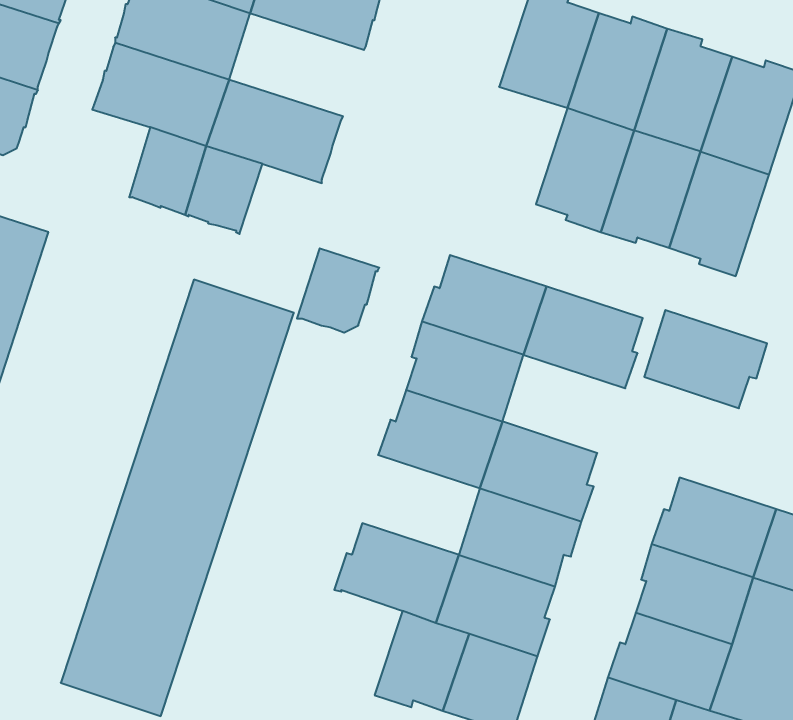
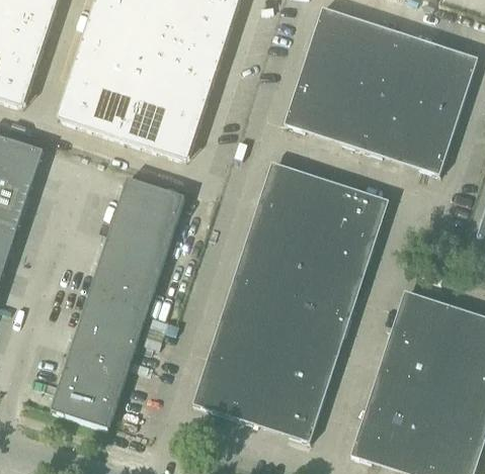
building: none -> [147,22,225,82]
building: none -> [284,65,342,132]
building: none -> [58,78,101,128]
building: [297,248,379,333] -> [153,109,200,158]
building: [644,310,767,408] -> [305,219,376,276]
building: none -> [224,277,292,335]
building: none -> [192,355,247,415]

